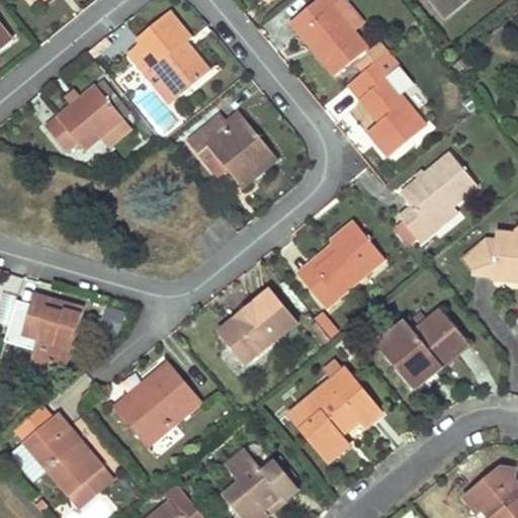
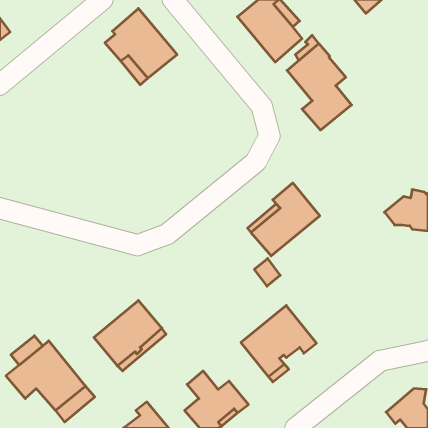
building: [42,79,131,151] -> none
building: [186,111,274,186] -> none
building: [398,150,477,241] -> none
building: [220,289,296,362] -> none
building: [21,295,81,382] -> none
building: [379,310,468,386] -> none

